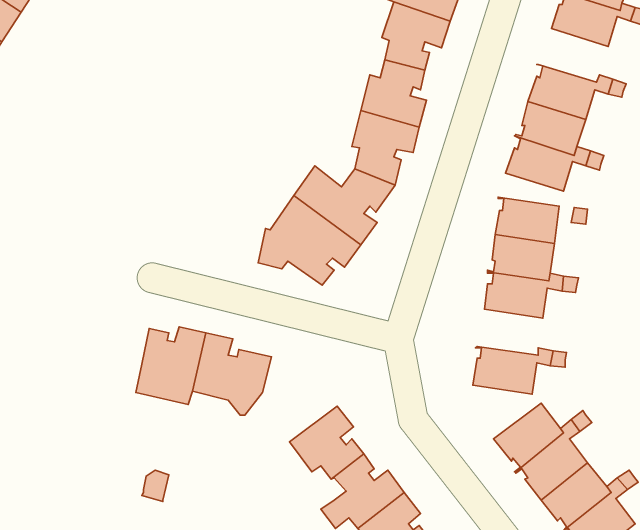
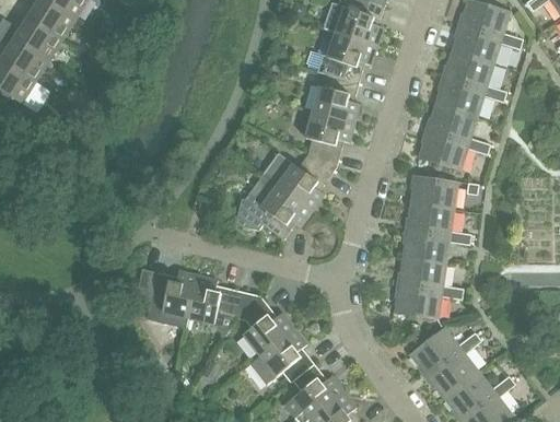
building: none -> [440,51,491,91]
building: none -> [395,257,443,291]
building: none -> [237,292,292,354]

